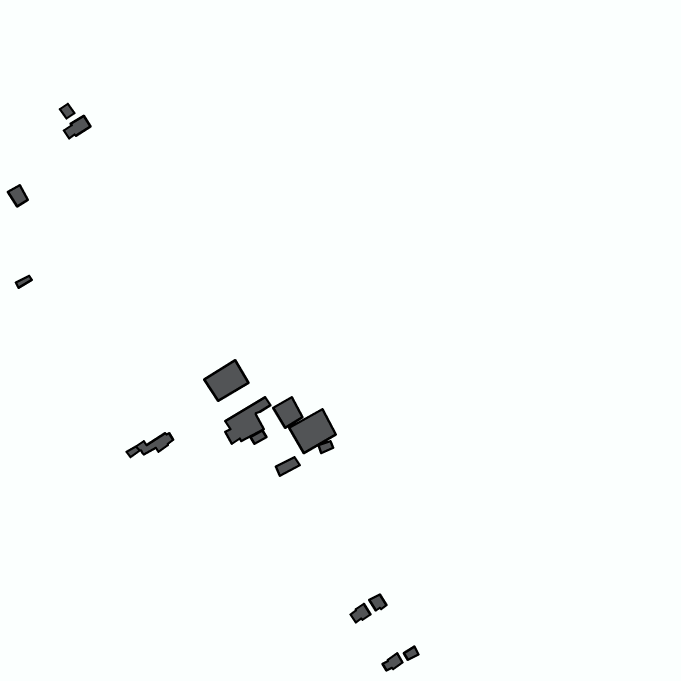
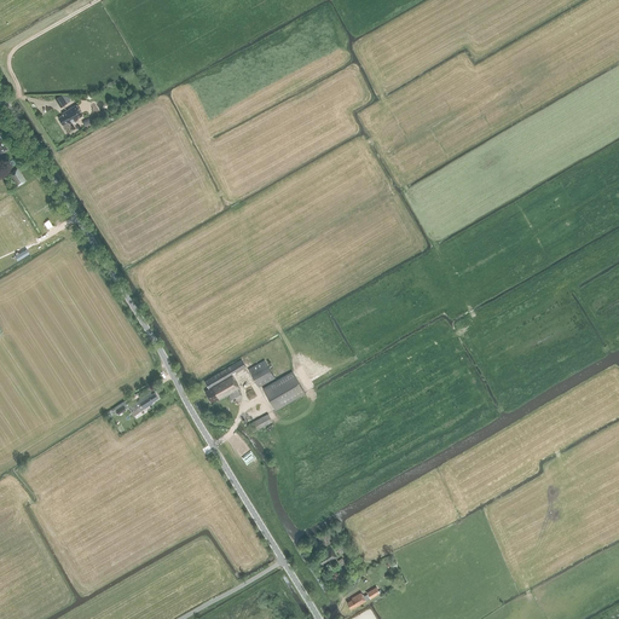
building: [204,360,249,401] -> none

